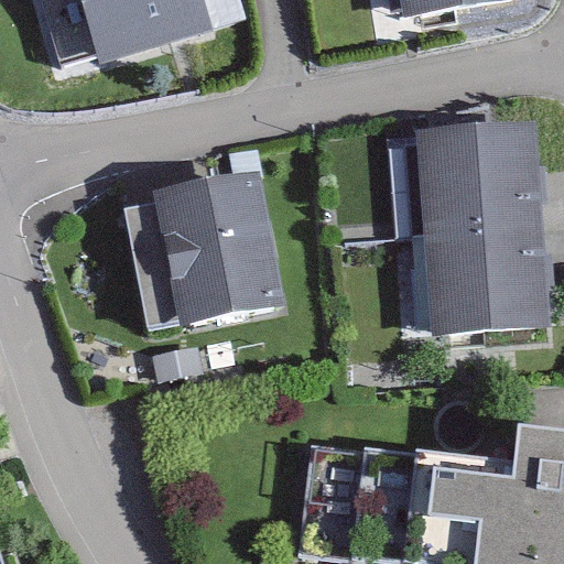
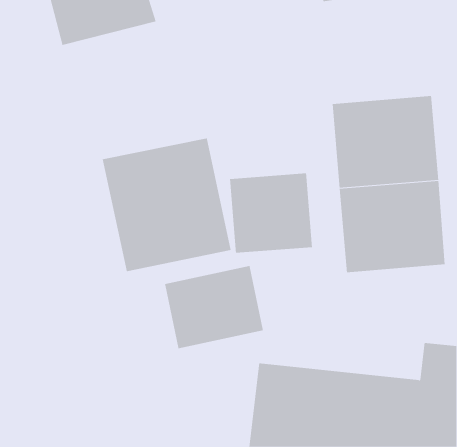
building: none -> [230,173,312,254]
building: none -> [164,265,264,349]

